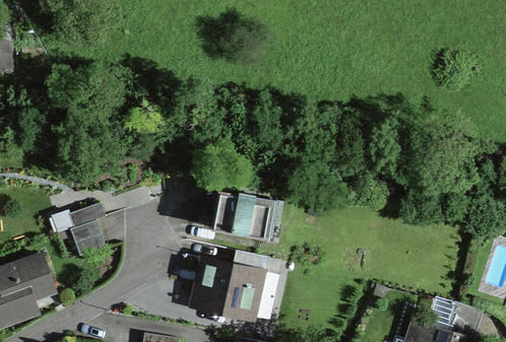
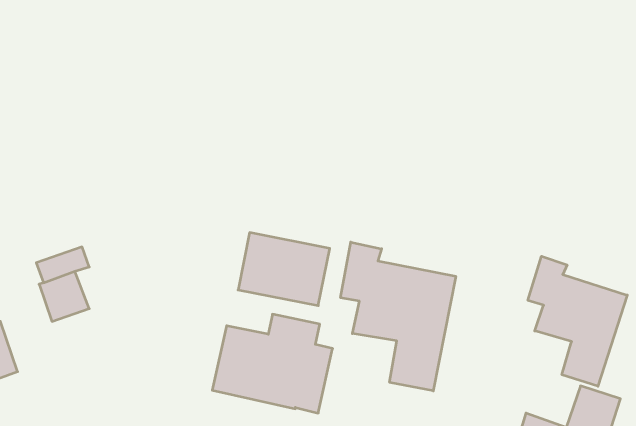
building: none -> [341,242,456,391]
building: none -> [528,256,627,386]

